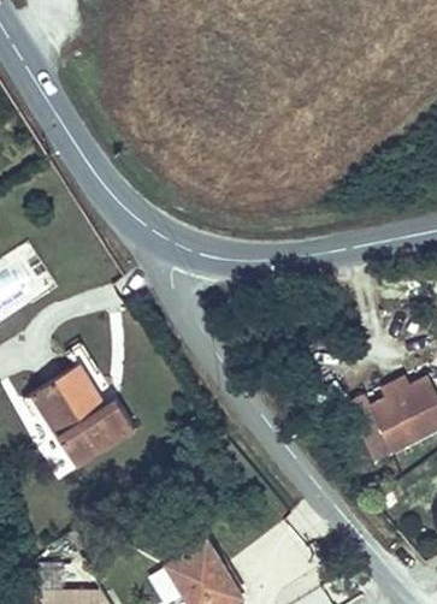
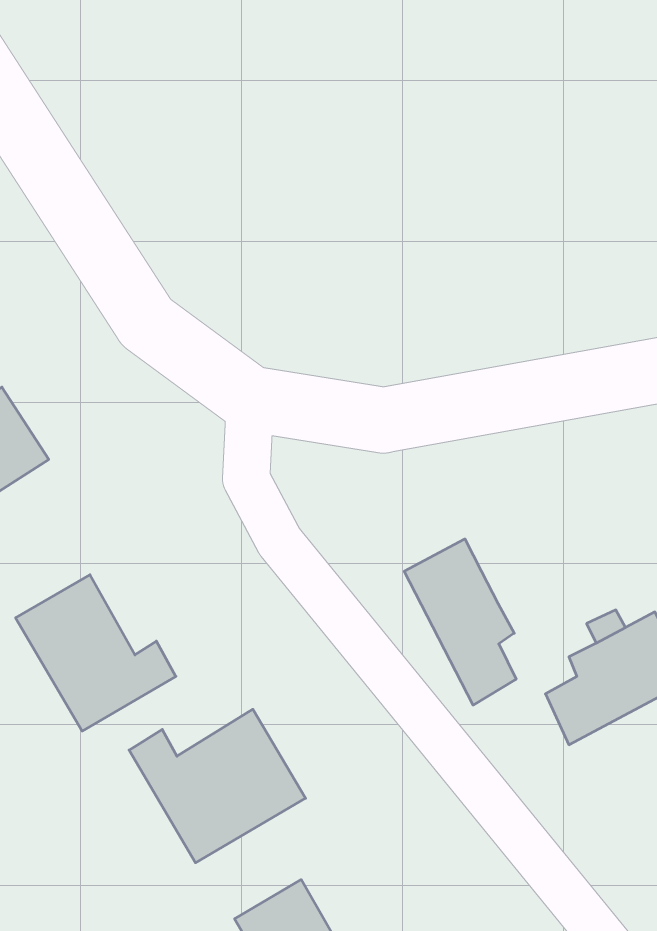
building: none -> [404,539,516,705]
building: none -> [129,709,306,863]

